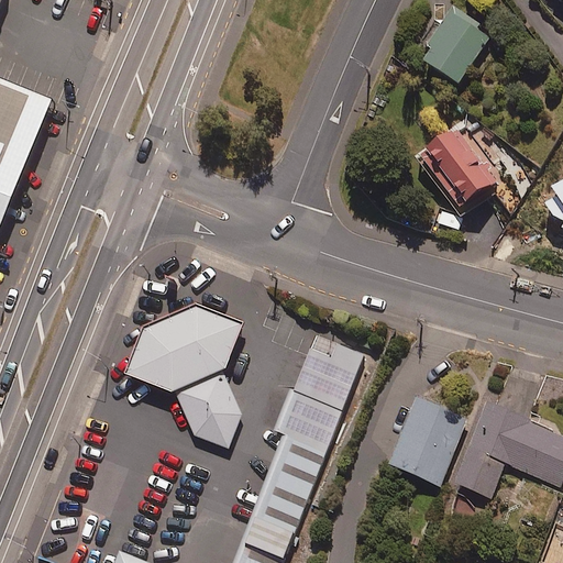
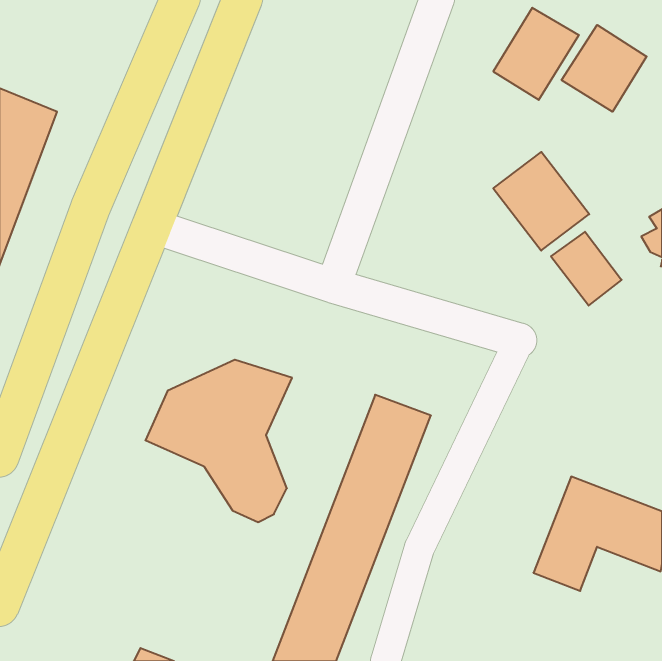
building: none -> [562,25,647,112]
building: none -> [551,232,622,306]
building: [387,398,467,486] -> none

